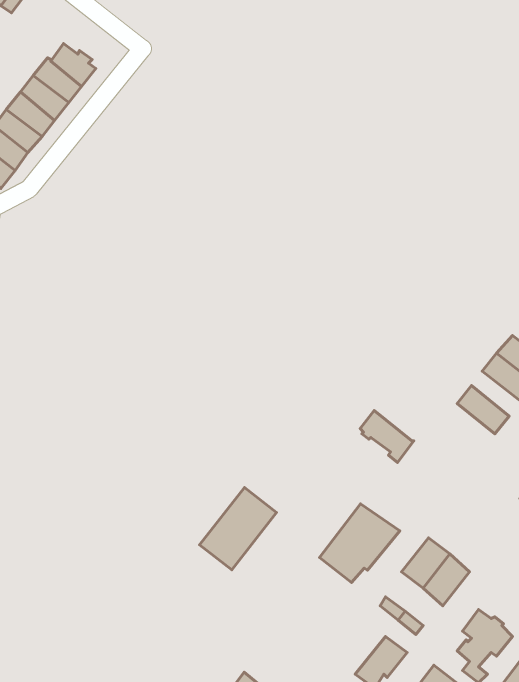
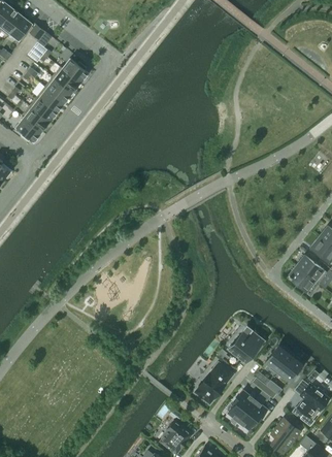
building: [360,411,414,462] -> [288,266,319,296]
building: [200,487,277,570] -> [191,355,235,402]
building: none -> [227,390,255,422]

